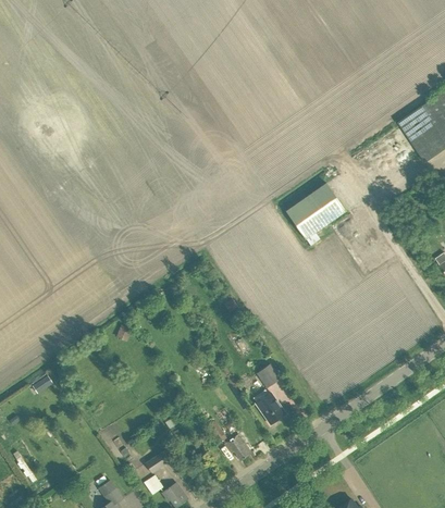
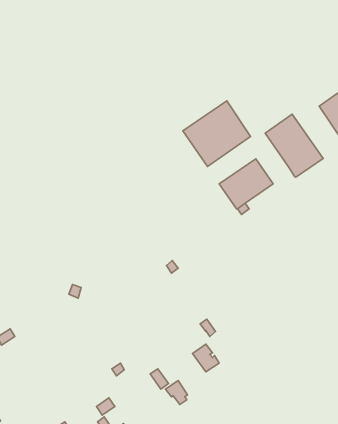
building: none -> [183,101,251,166]
building: none -> [265,114,323,177]

